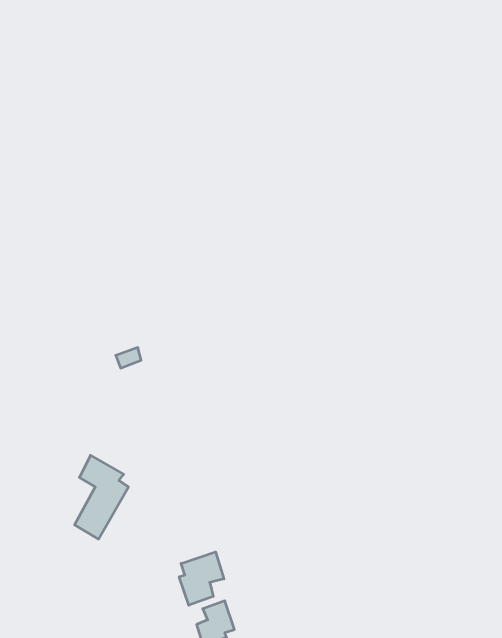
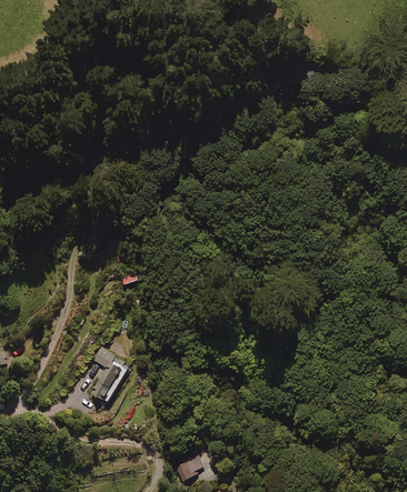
building: [179,552,224,605] -> none

